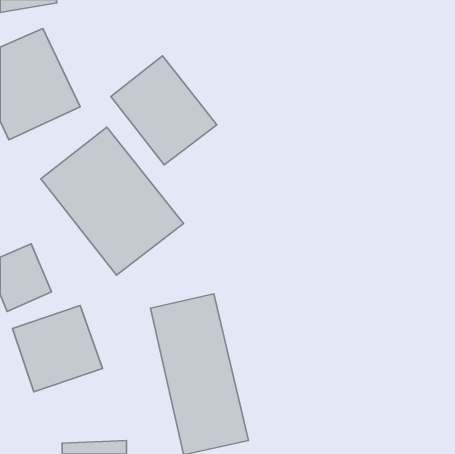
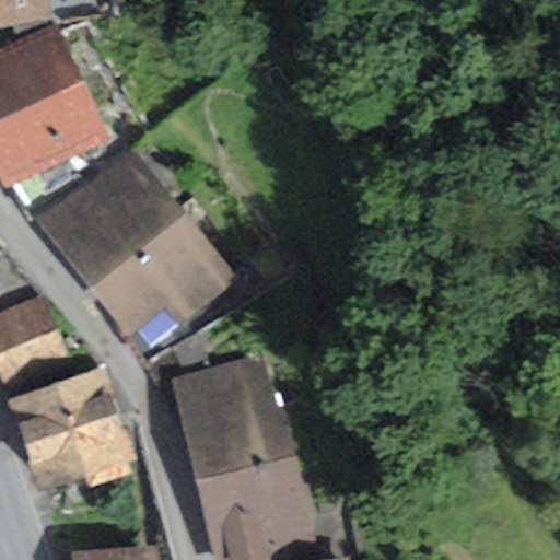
building: [111,56,217,165] -> none

